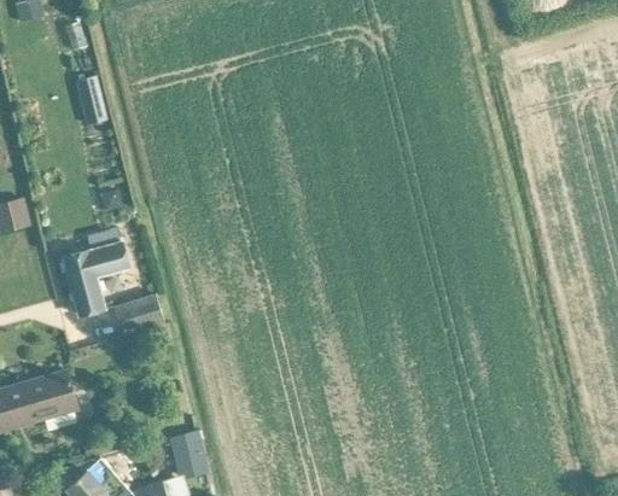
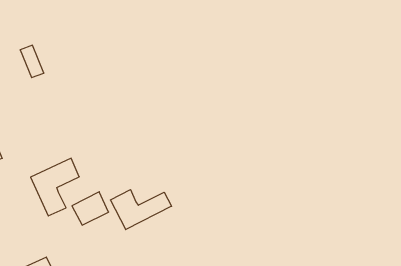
building: none -> [110,190,172,230]

